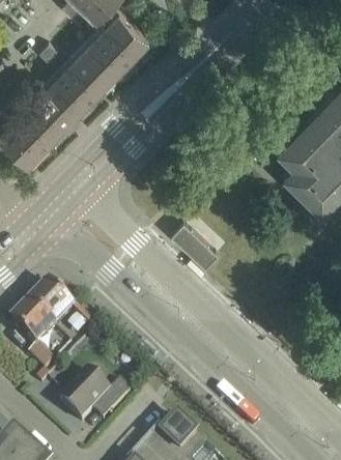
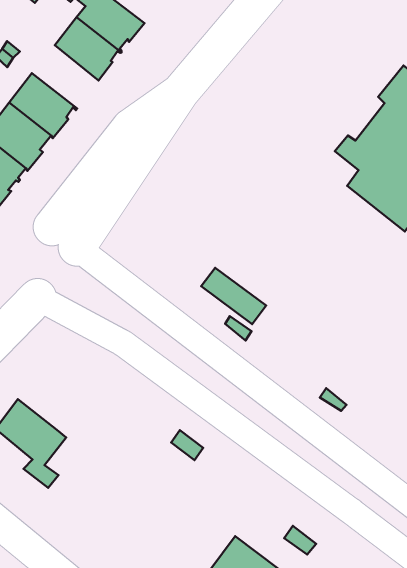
building: [62,49,110,96] -> none
building: [28,283,94,327] -> none
building: [58,371,130,422] -> none

